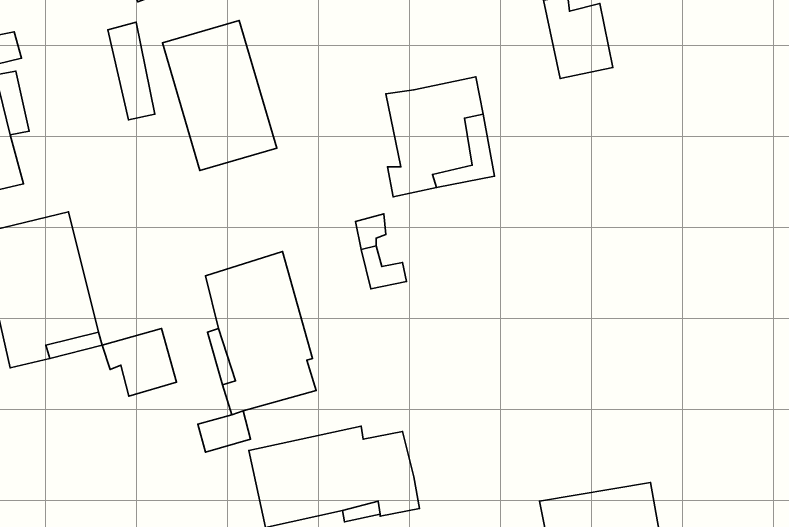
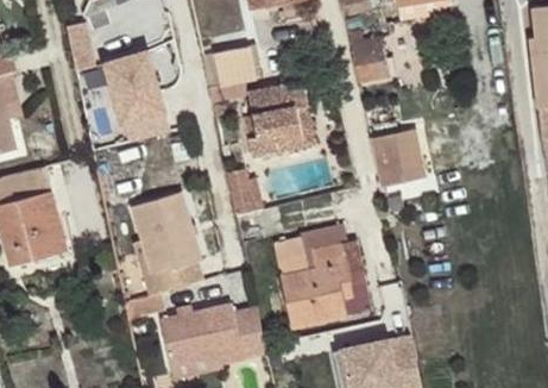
building: none -> [212,48,254,88]
building: none -> [370,132,422,189]
building: none -> [272,224,372,330]
building: [102,329,177,396] -> none

